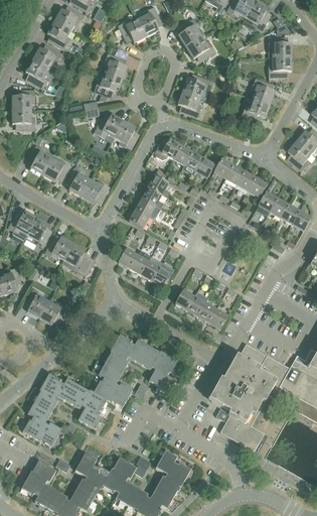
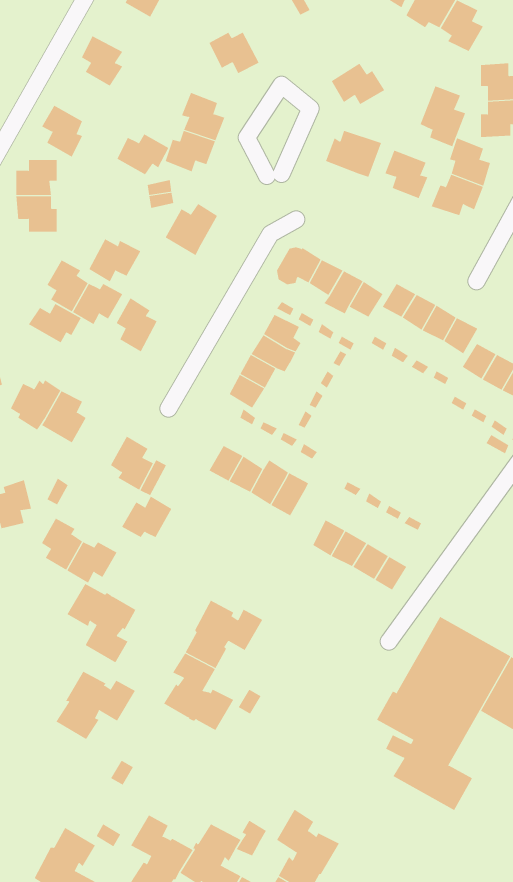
building: [53,6,84,30] -> none
building: [137,6,161,36] -> none
building: [178,17,201,46] -> none
building: [32,45,61,69] -> [116,133,169,175]
building: none -> [420,86,466,147]
building: [177,91,201,118] -> [385,150,428,199]
building: [114,121,138,150] -> none
building: none -> [28,303,82,343]
building: [81,179,110,204] -> [88,238,141,282]
building: [44,236,72,259] -> [121,496,172,538]
building: [138,345,177,389] -> none
building: [67,384,107,428] -> [67,583,138,663]
building: [22,401,61,445] -> none

